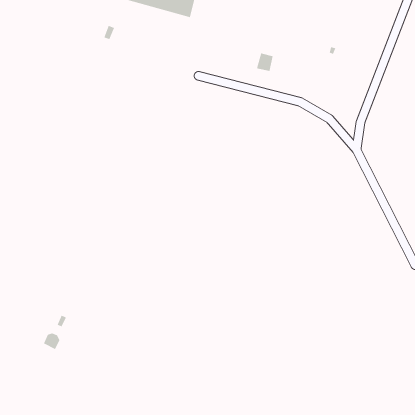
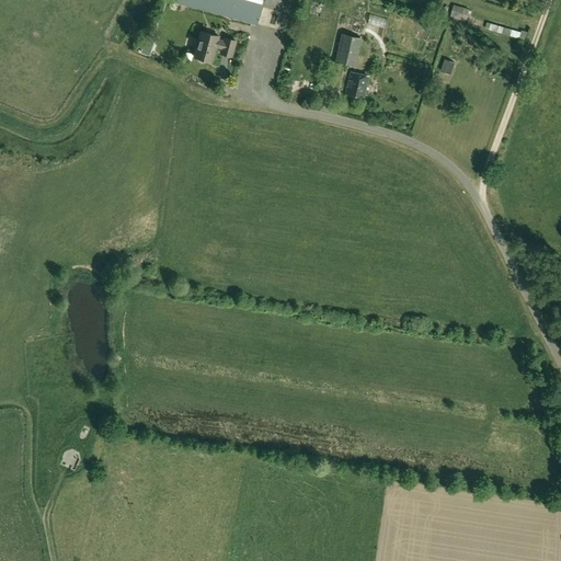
building: none -> [193,31,236,60]
building: none -> [336,33,359,62]

